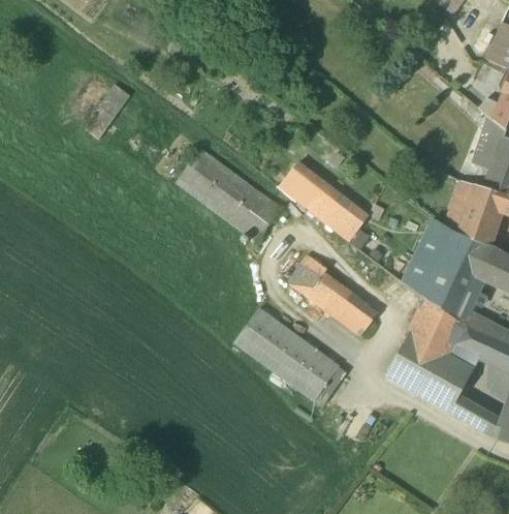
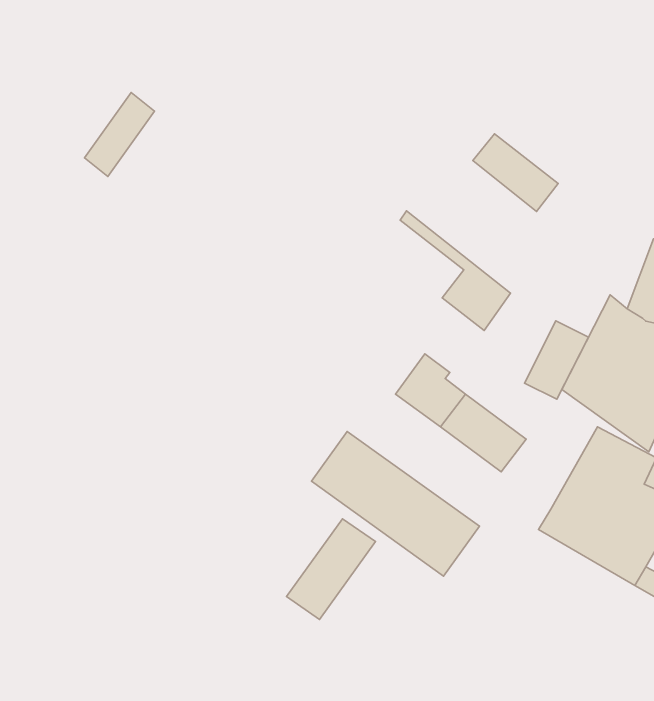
building: [176,147,281,241] -> none
building: [279,168,336,219] -> [473,134,558,212]
building: none -> [524,321,588,399]
building: none -> [287,519,376,620]

